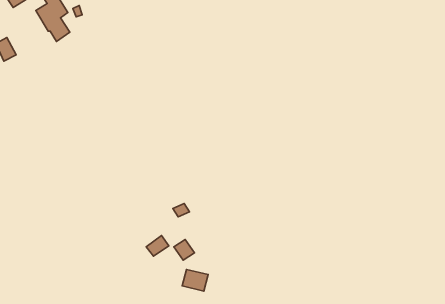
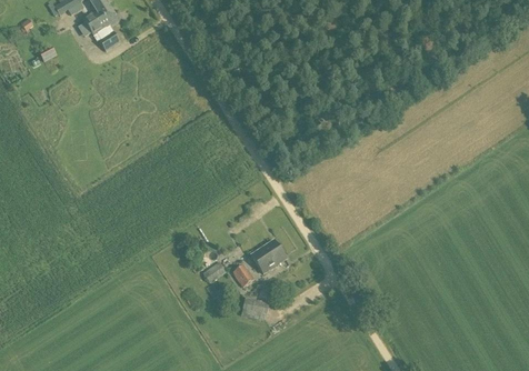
building: none -> [250,240,286,273]

